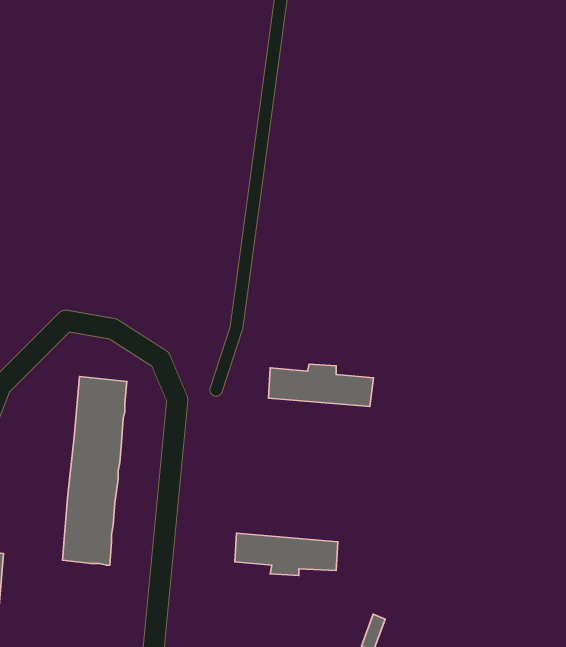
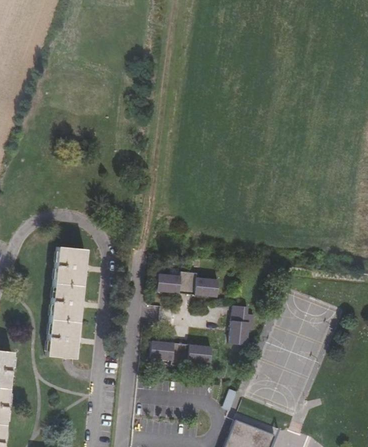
building: [269,364,373,406] -> [156,271,218,296]
building: none -> [229,305,254,344]

